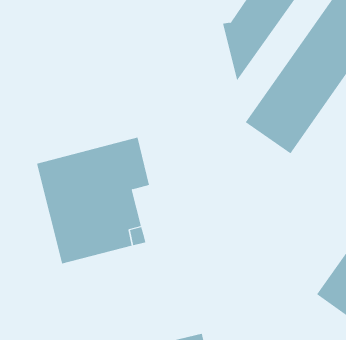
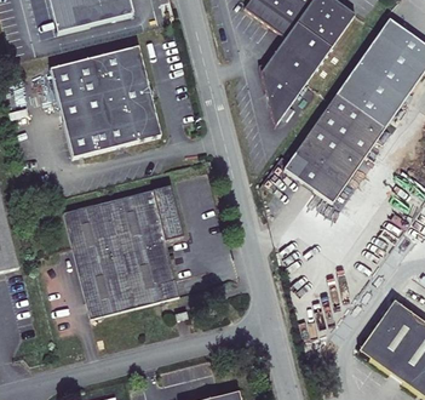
building: none -> [50,46,161,158]

